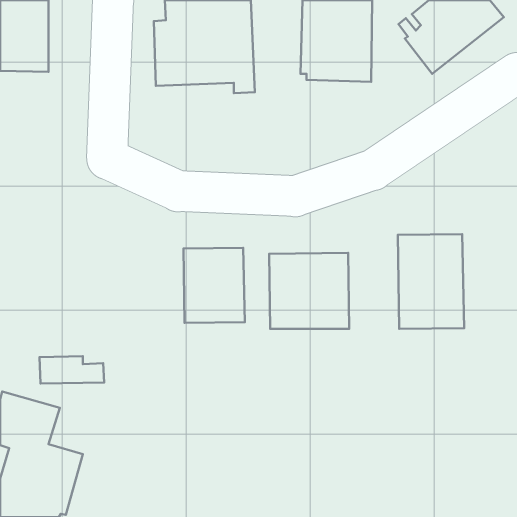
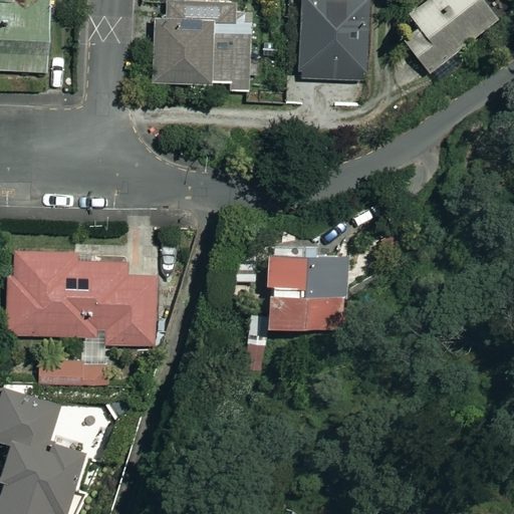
building: [398,234,464,329] -> none
building: none -> [6,238,156,344]
building: [183,248,245,323] -> none

